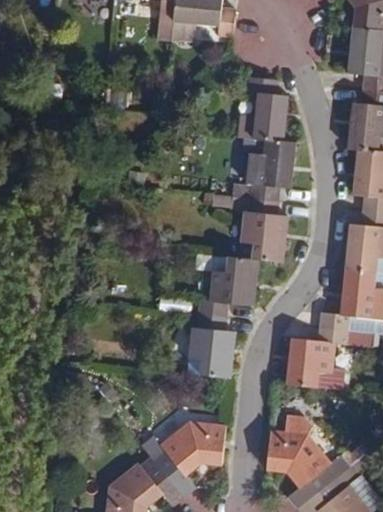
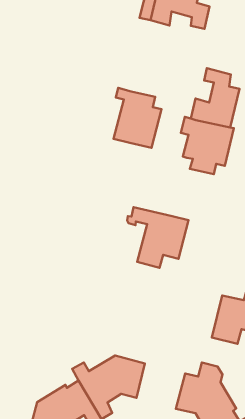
building: [226,197,279,259] -> [114,88,161,148]
building: [185,312,233,378] -> none

